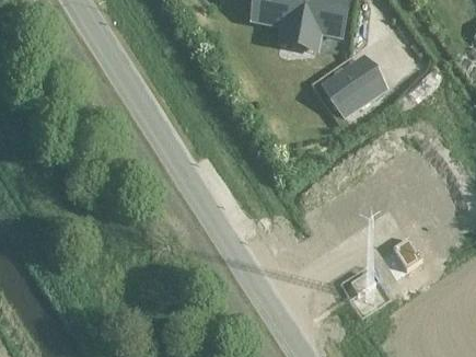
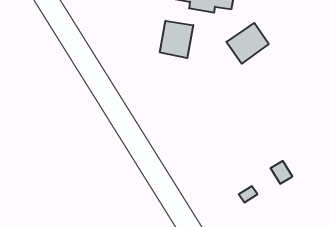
building: none -> [160,21,193,58]

